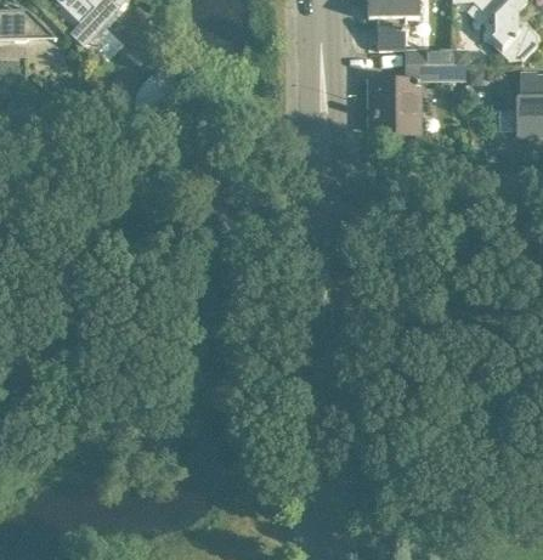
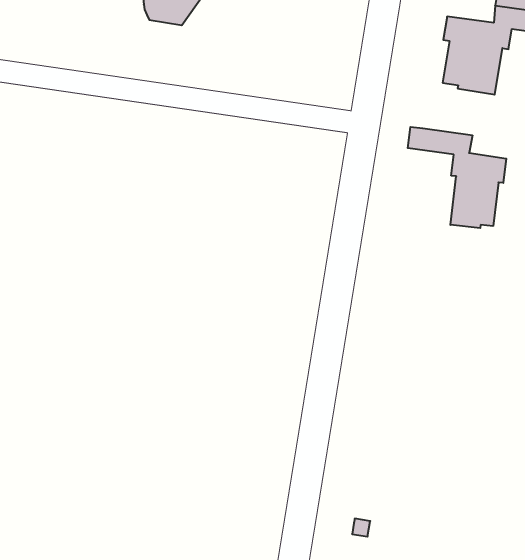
building: none -> [408,127,506,228]

